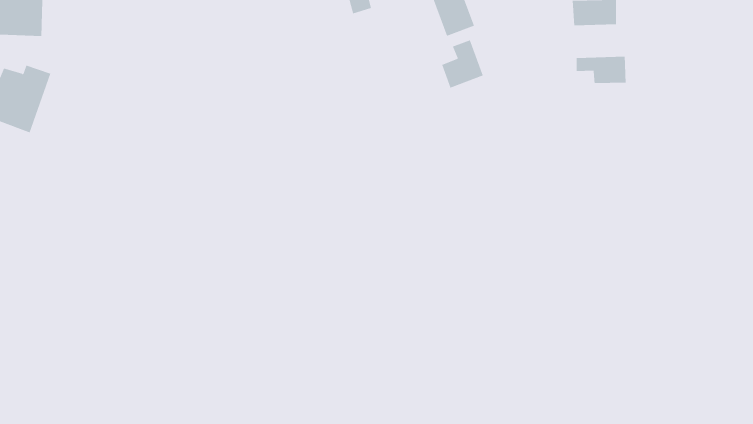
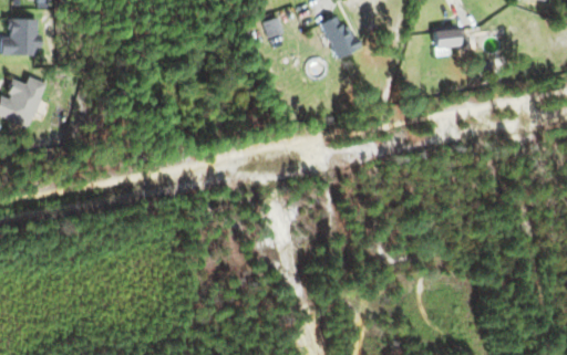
building: [441,40,484,88] -> none
building: [576,56,626,84] -> none

